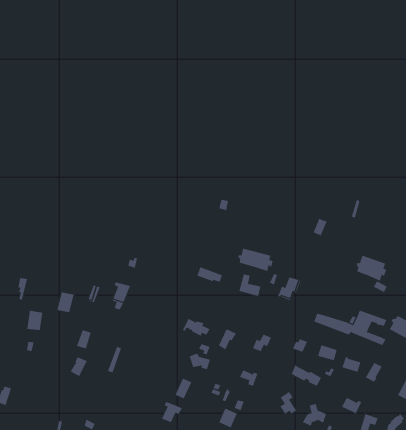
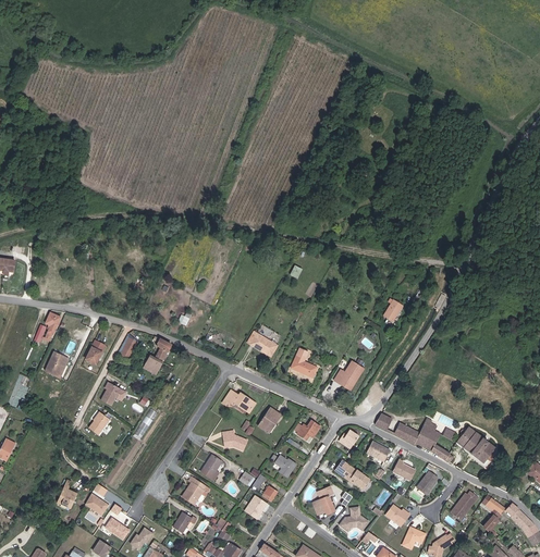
building: [238,248,273,272] -> none
building: [356,255,387,282] -> none

